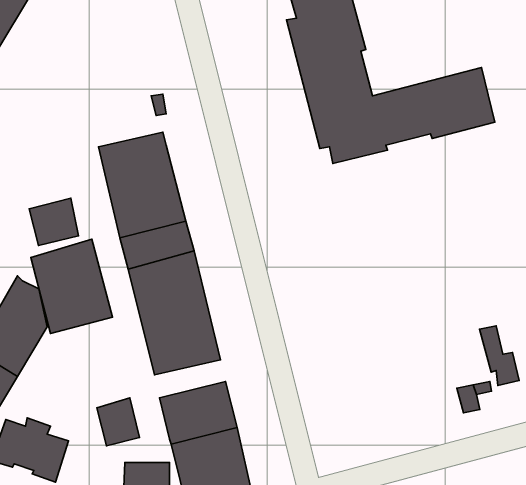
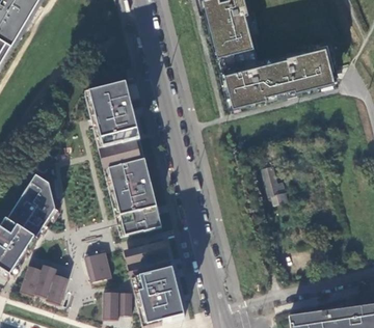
building: [29,198,78,246] -> none
building: [31,239,112,334] -> none
building: [480,326,519,385] -> [262,166,287,203]

